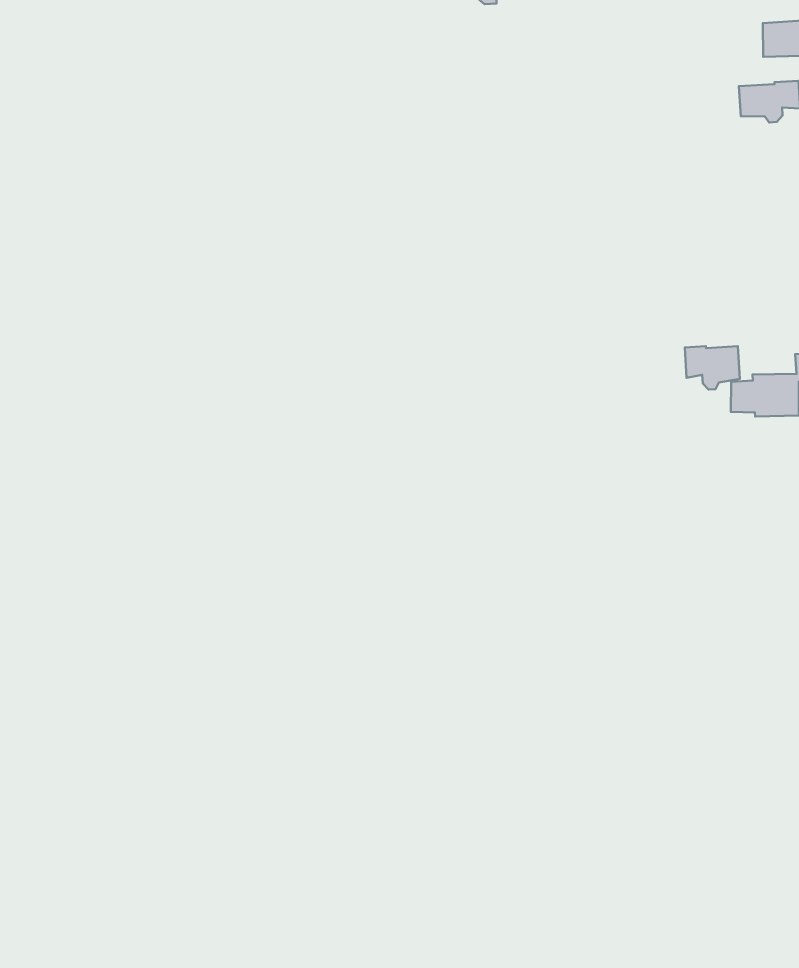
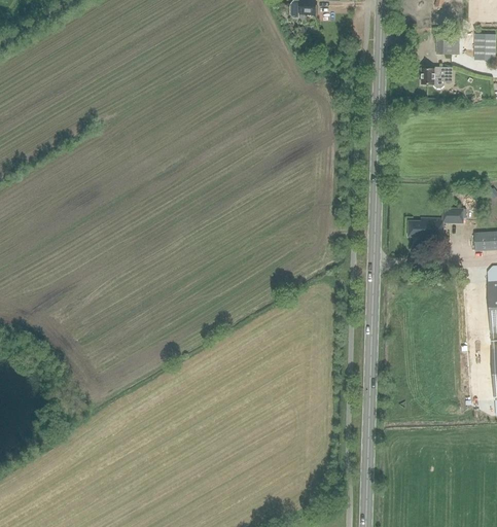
building: [685,346,740,390] -> none

